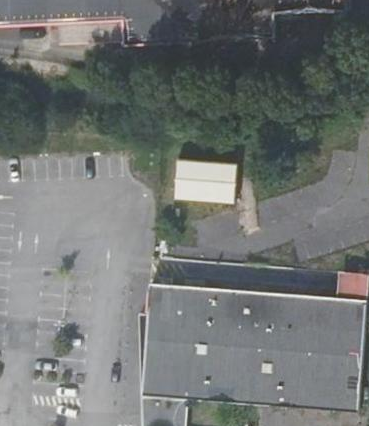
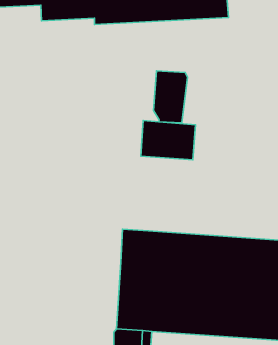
building: none -> [153,71,187,123]

